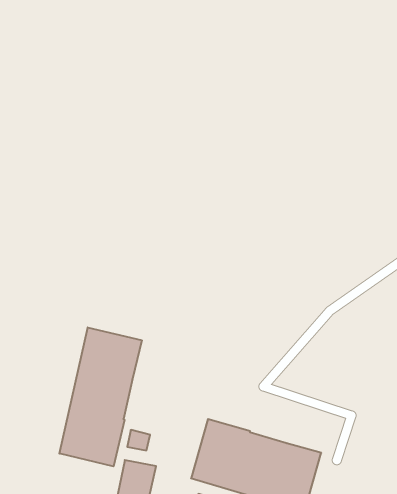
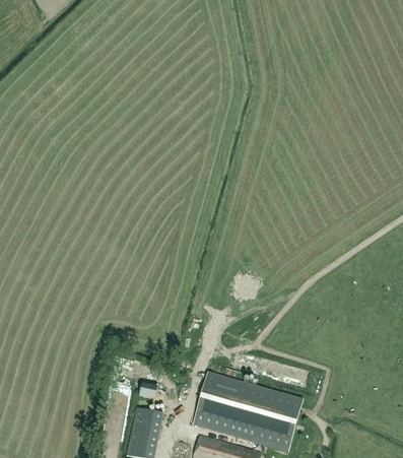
building: [59,327,142,466] -> none

